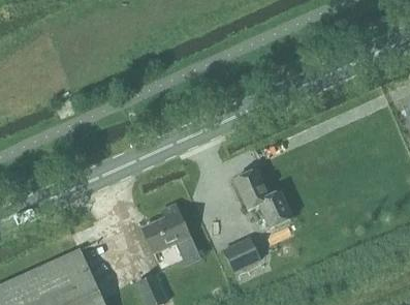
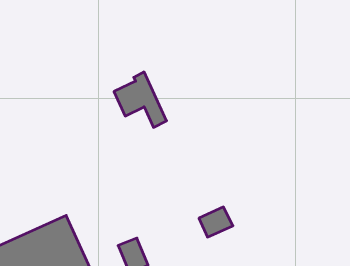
building: [234,167,293,227] -> none
building: [143,205,200,266] -> [114,72,167,127]

